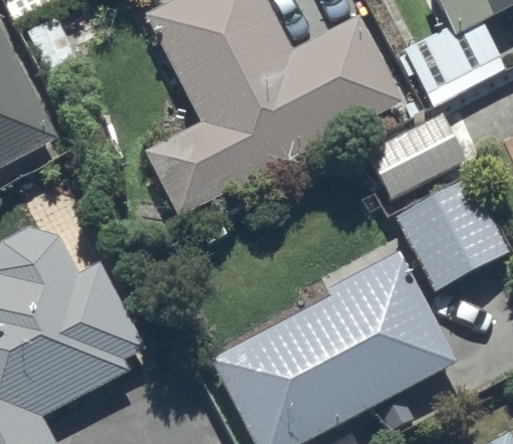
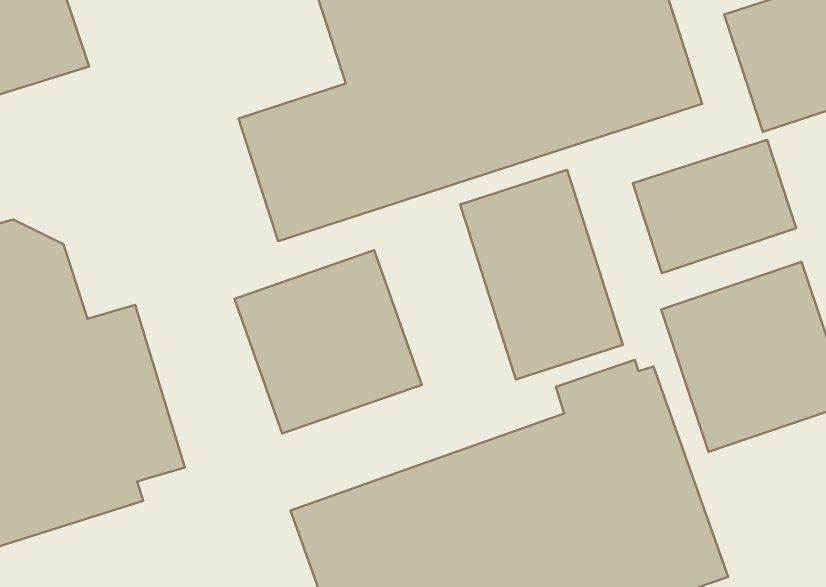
building: none -> [460,170,623,379]
building: none -> [235,250,422,434]

